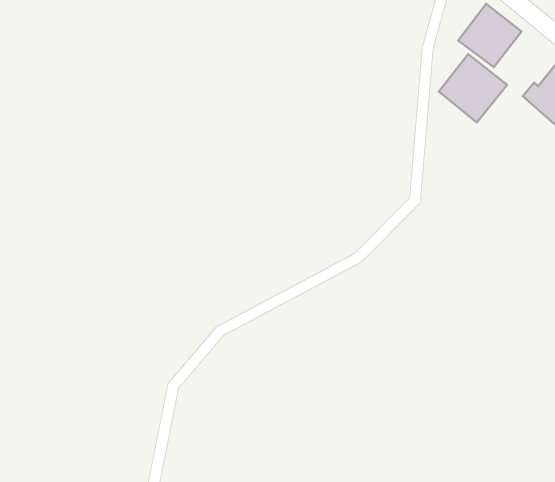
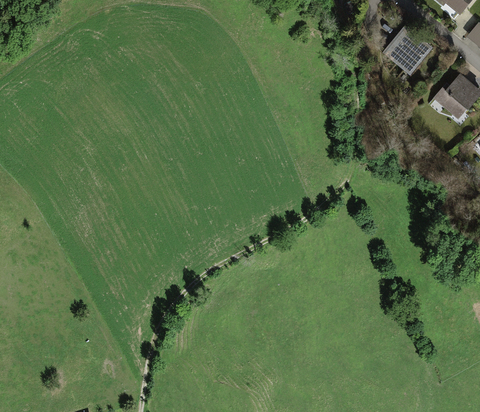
building: [439,54,507,122] -> none

